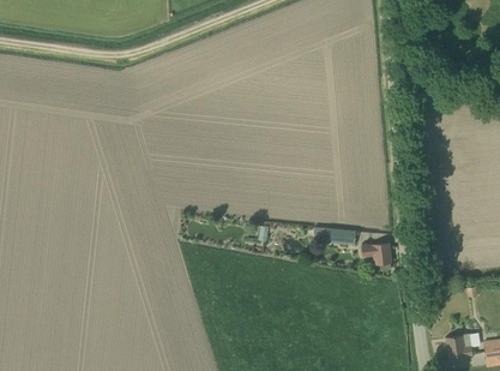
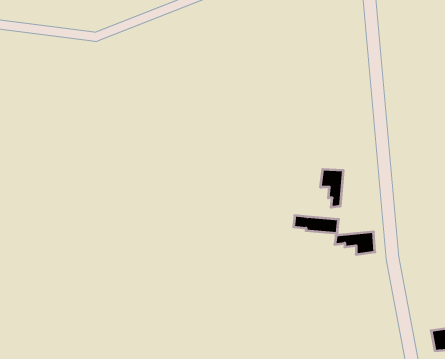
building: none -> [321,169,343,207]

